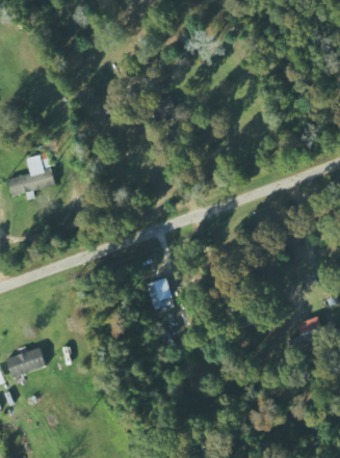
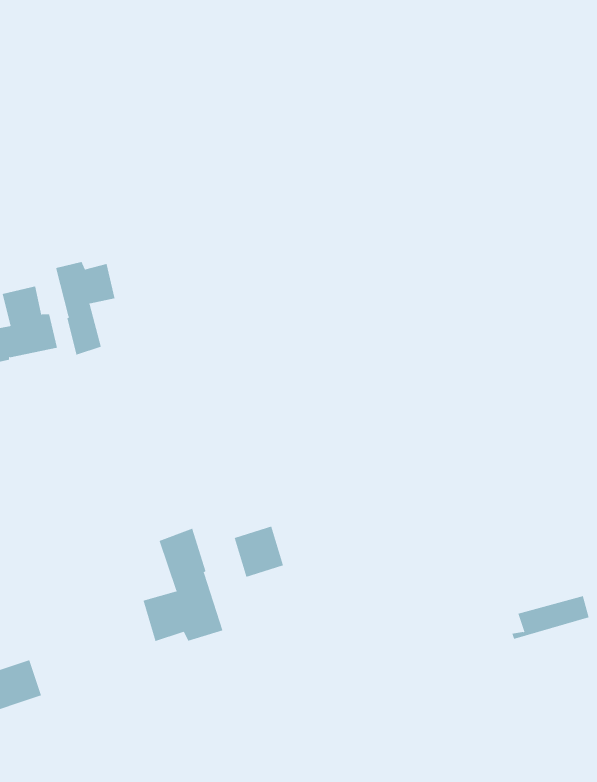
building: none -> [56,261,115,355]
building: none -> [143,528,223,642]

